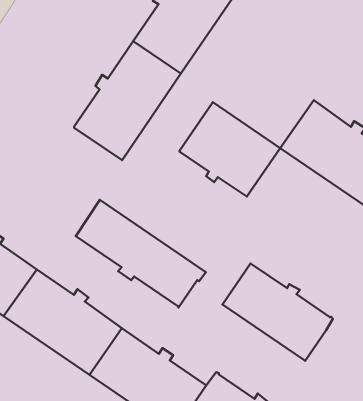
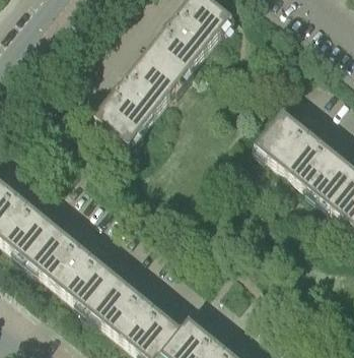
building: [180,102,280,197] -> none
building: [76,200,206,307] -> none
building: [222,264,333,361] -> none

